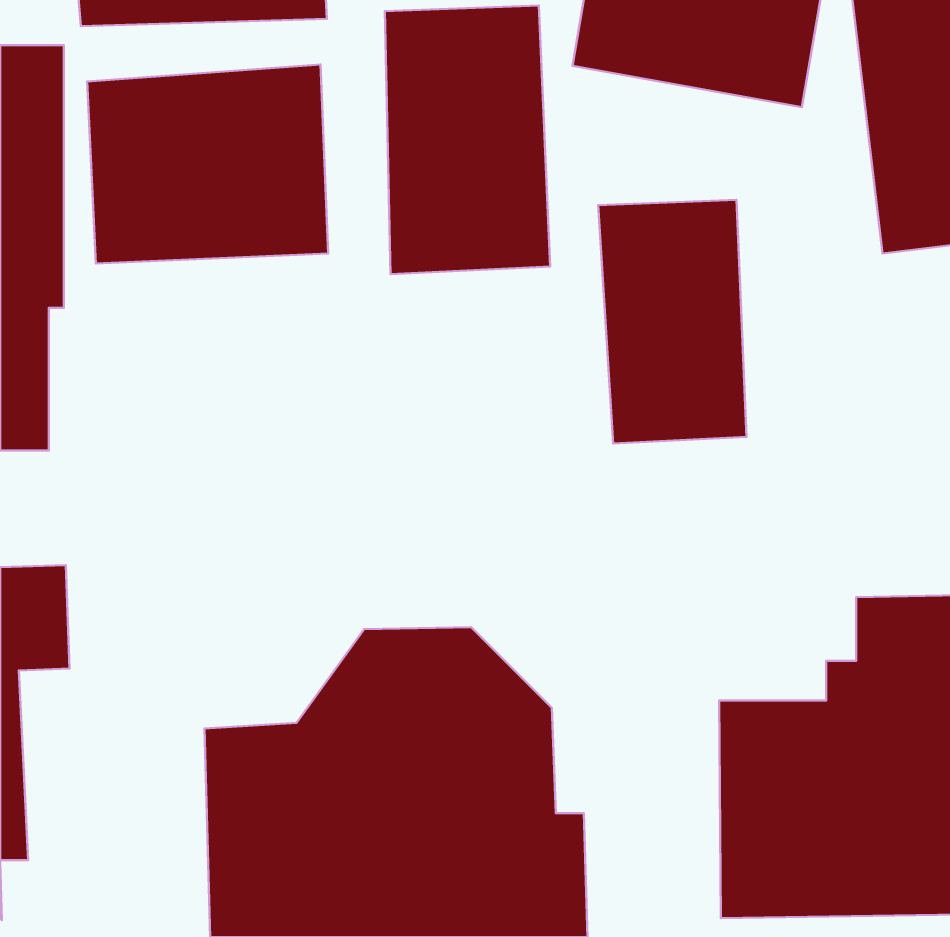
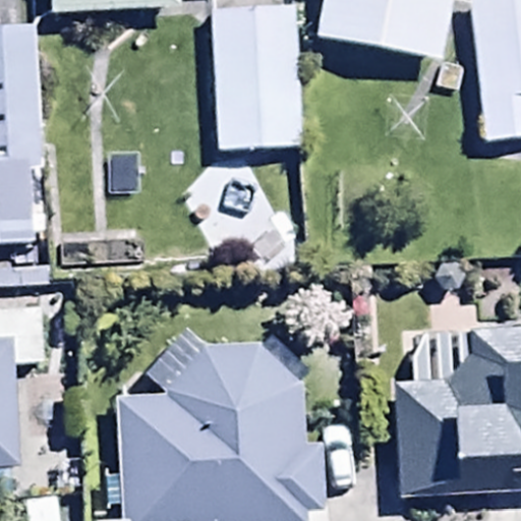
building: [87,65,328,264] -> none
building: [598,200,747,444] -> none

